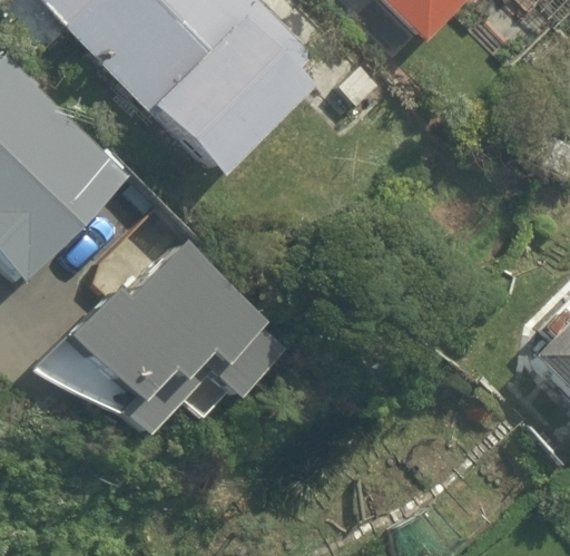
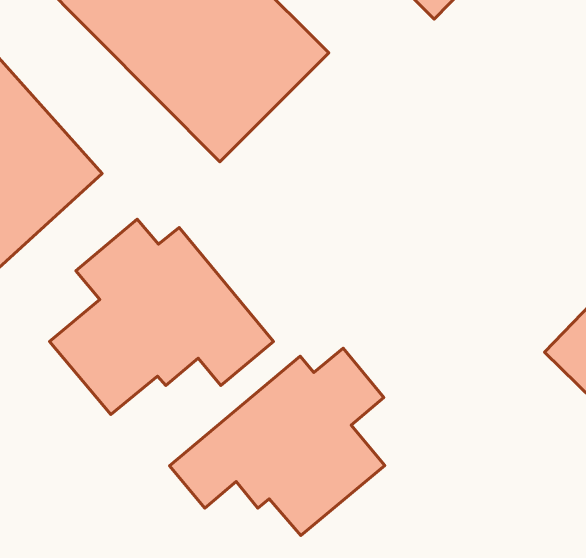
building: none -> [170,348,385,536]

